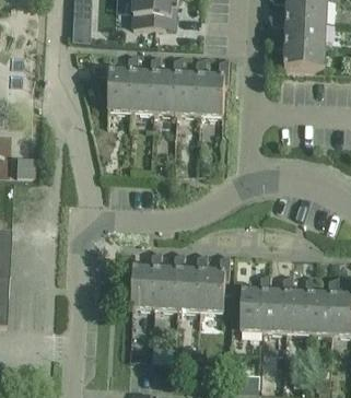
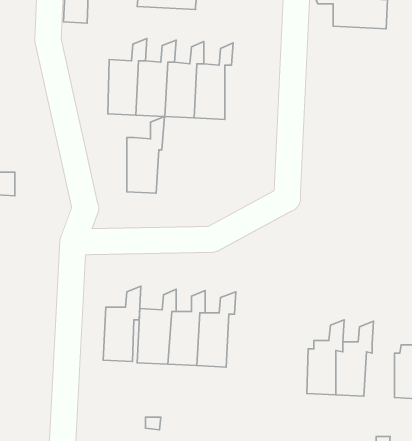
building: [267,37,326,68] -> none
building: [199,57,229,117] -> [127,117,164,193]
building: [200,253,230,312] -> [103,286,141,361]
building: [239,271,270,331] -> none
building: [308,276,338,335] -> none

